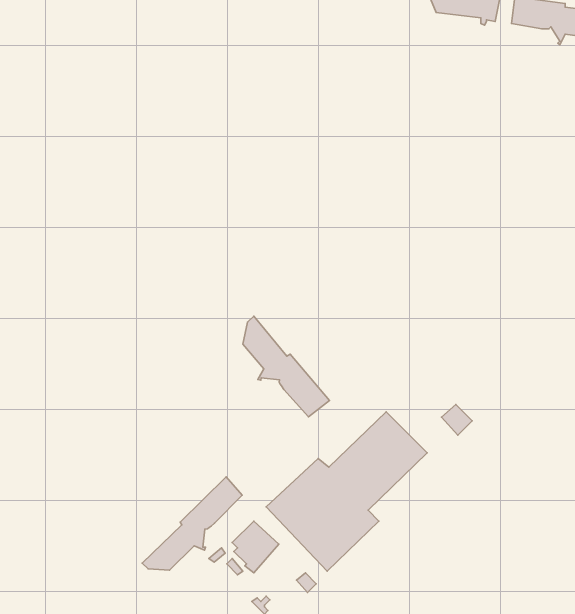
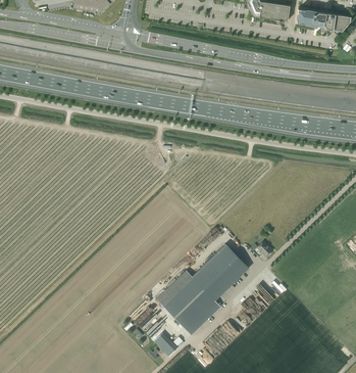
building: [243,316,329,417] -> none
building: [142,477,242,570] -> none

